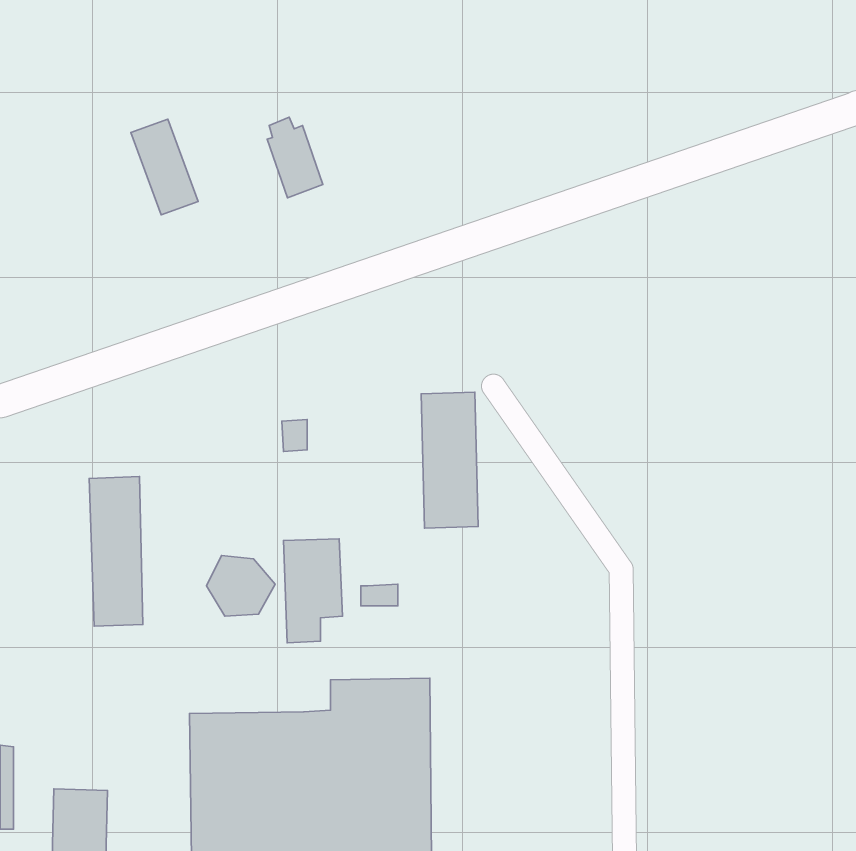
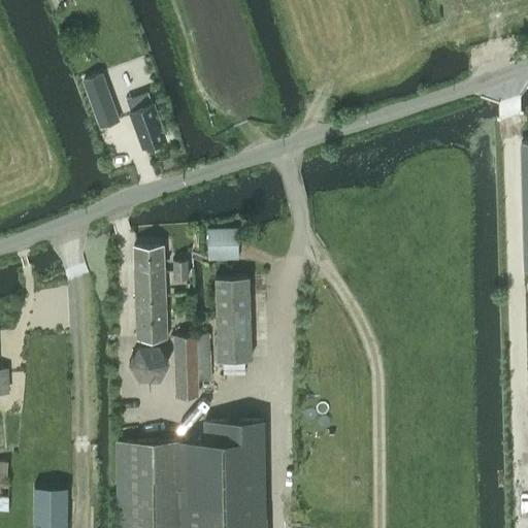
building: [267,117,323,198] -> [132,100,166,150]
building: none -> [207,231,239,262]
building: [421,392,478,528] -> [216,278,251,362]
building: [89,477,143,626] -> [134,248,167,339]

